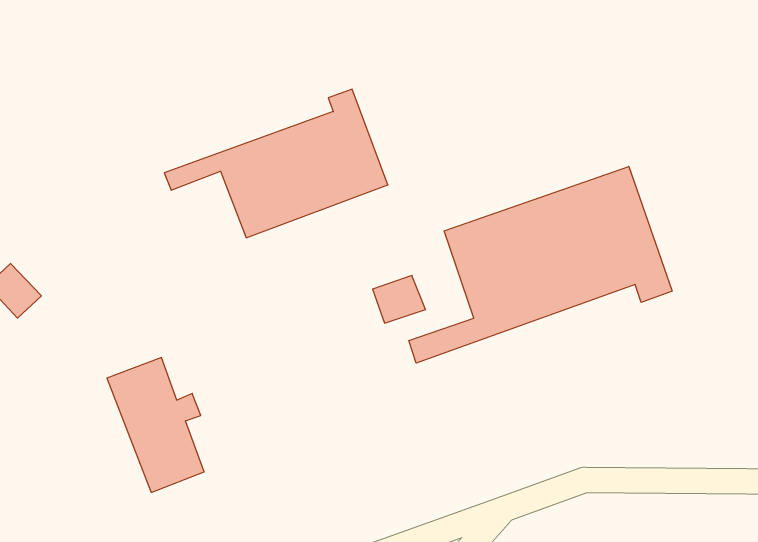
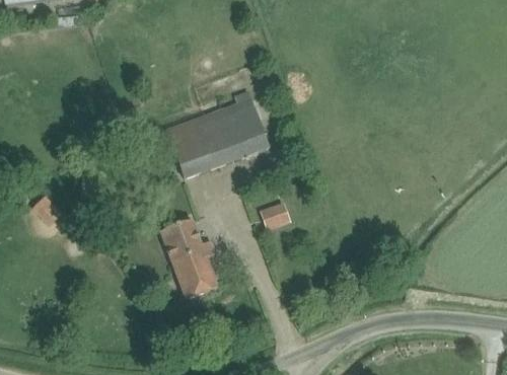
building: [409,166,672,363] -> none
building: [107,358,204,492] -> [159,219,217,299]

